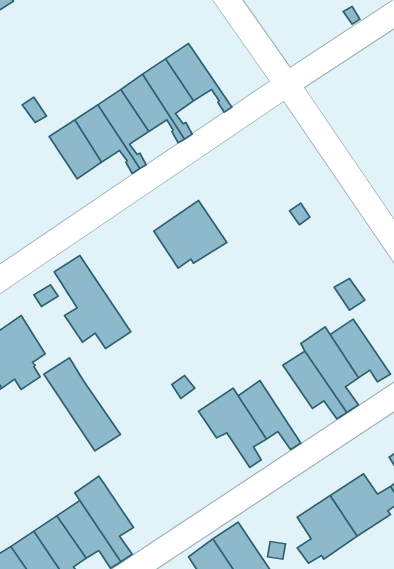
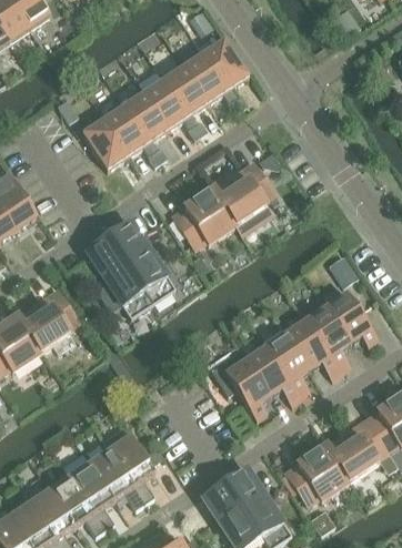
building: none -> [203,38,249,106]
building: none -> [212,169,275,232]
building: [44,358,120,451] -> [109,221,175,302]
building: none -> [265,331,311,398]

